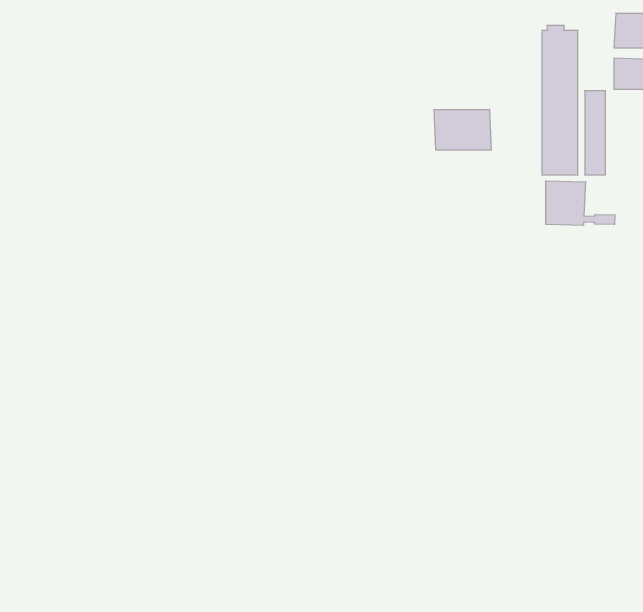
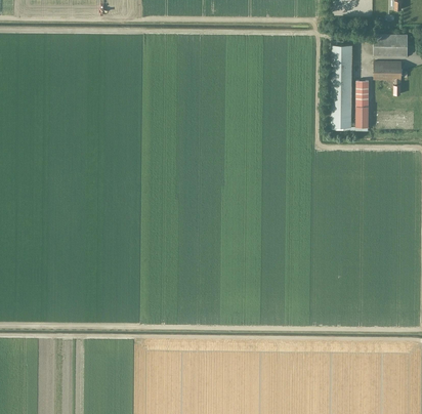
building: [434,109,491,150] -> none
building: [546,181,615,225] -> none

